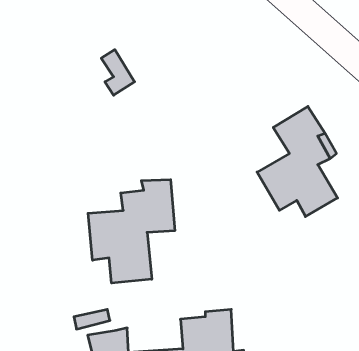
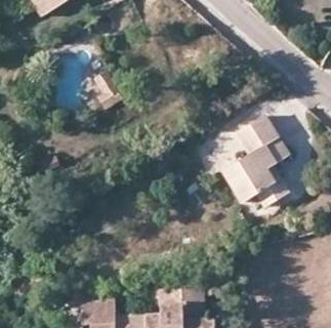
building: [88,180,175,283] -> none

